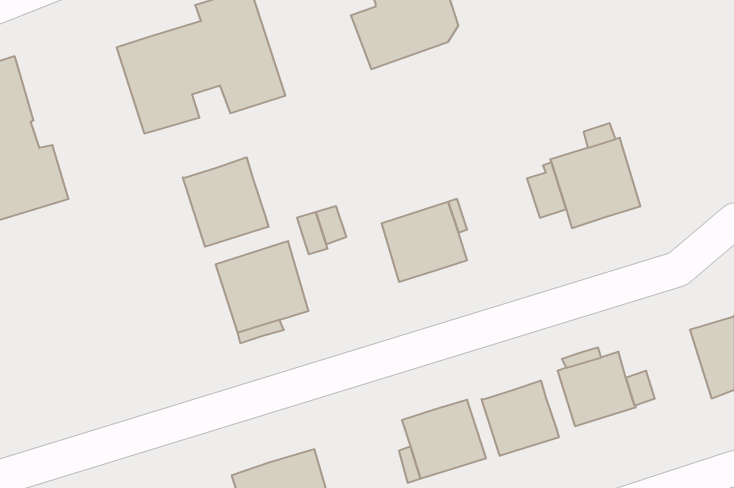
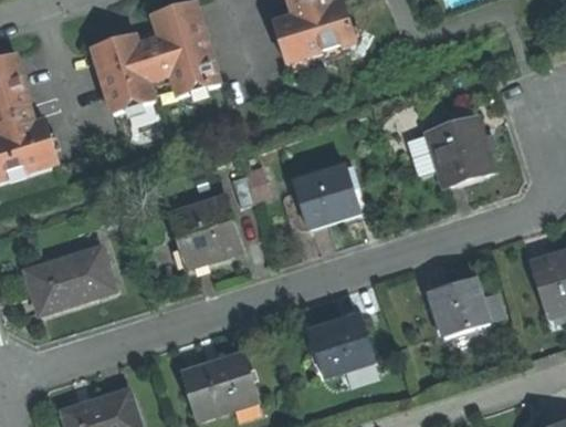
building: [183,157,269,247] -> none
building: none -> [25,246,114,313]
building: [482,380,559,456] -> none

